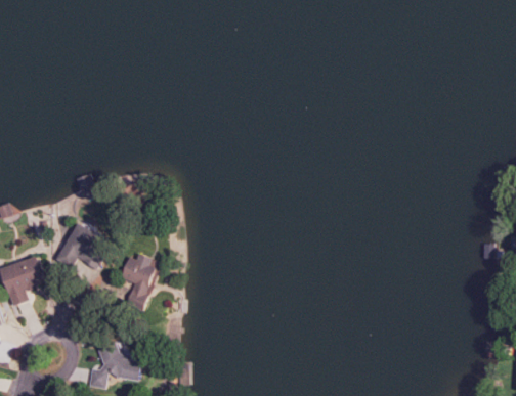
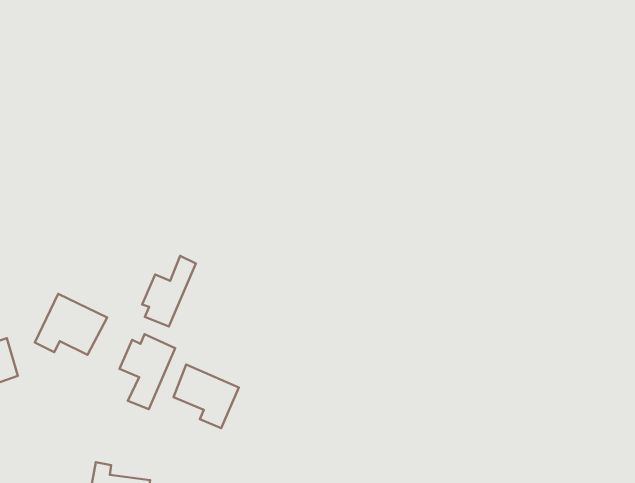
building: none -> [142,256,196,326]
building: none -> [173,365,239,428]

